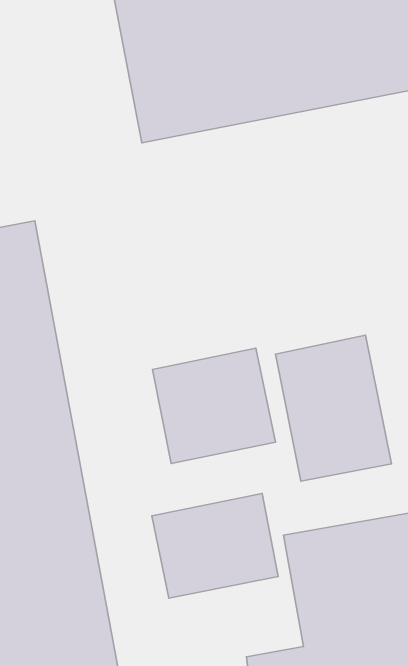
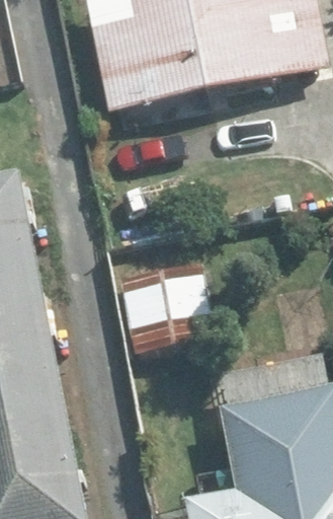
building: [276,335,392,481] -> none
building: [152,493,278,598] -> none

